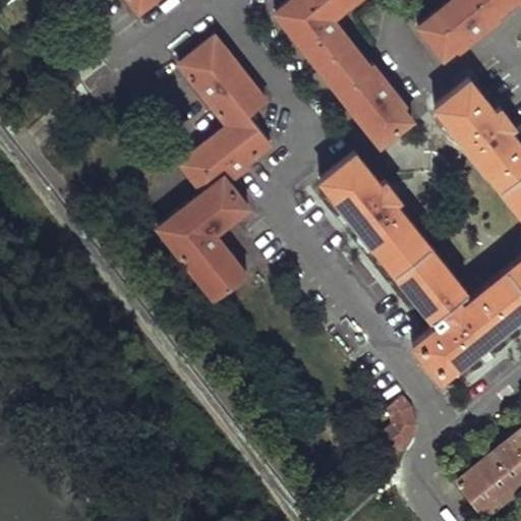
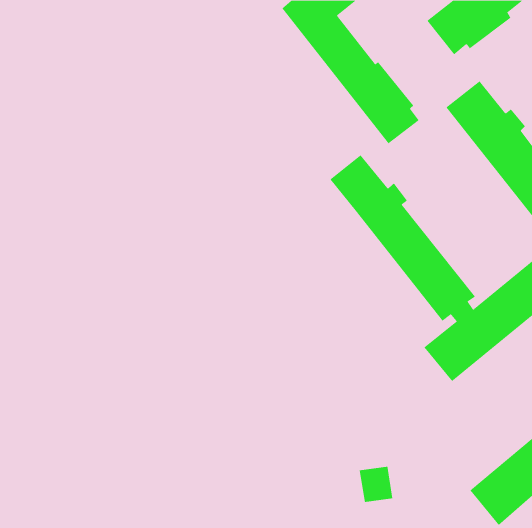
building: [160,40,269,299] -> none
building: [384,407,417,443] -> [359,466,393,503]

